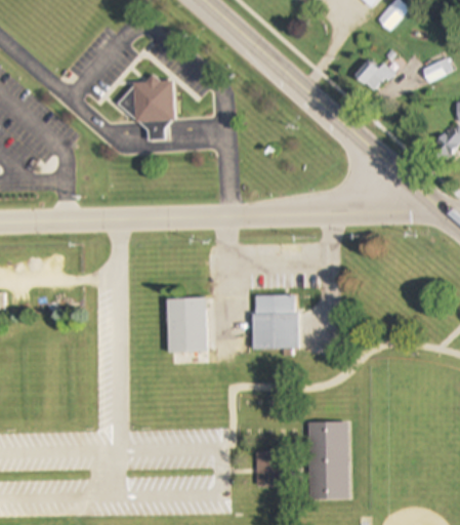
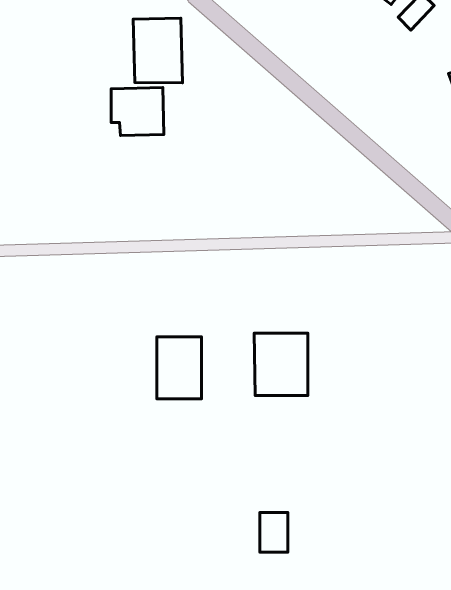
building: none -> [133,18,182,83]
building: [354,60,392,92] -> none
building: [308,421,347,499] -> none

